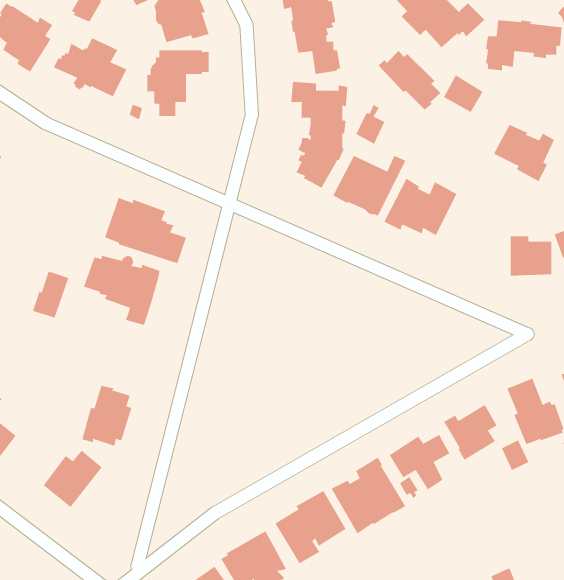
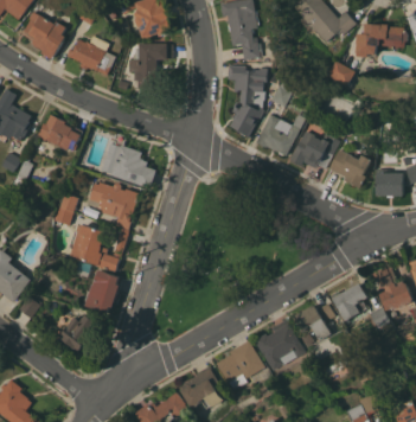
building: [378,50,441,111] -> none
building: [493,124,555,182] -> [328,149,370,188]
building: none -> [37,115,82,151]
building: none -> [69,225,129,271]

